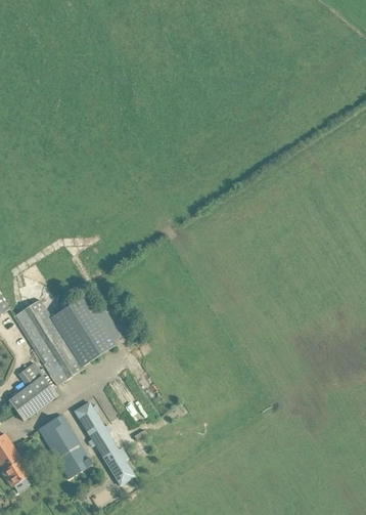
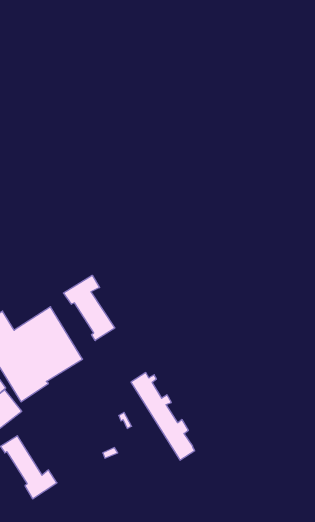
building: none -> [63,275,115,341]
building: [73,402,134,486] -> [131,373,195,460]

